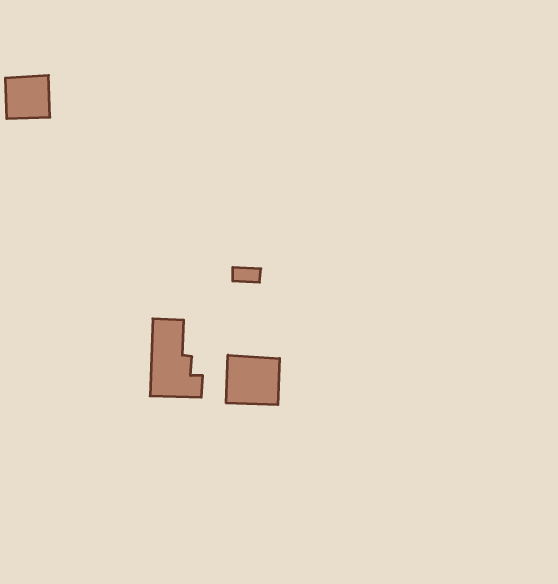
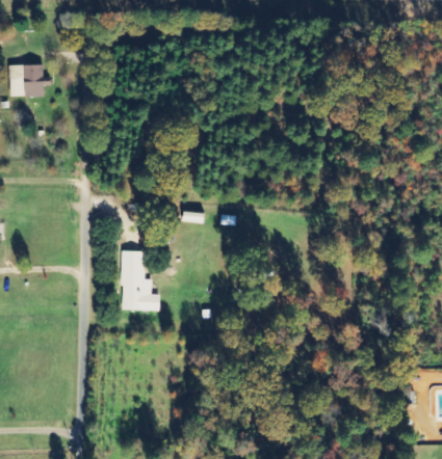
building: [226,355,280,405] -> none

